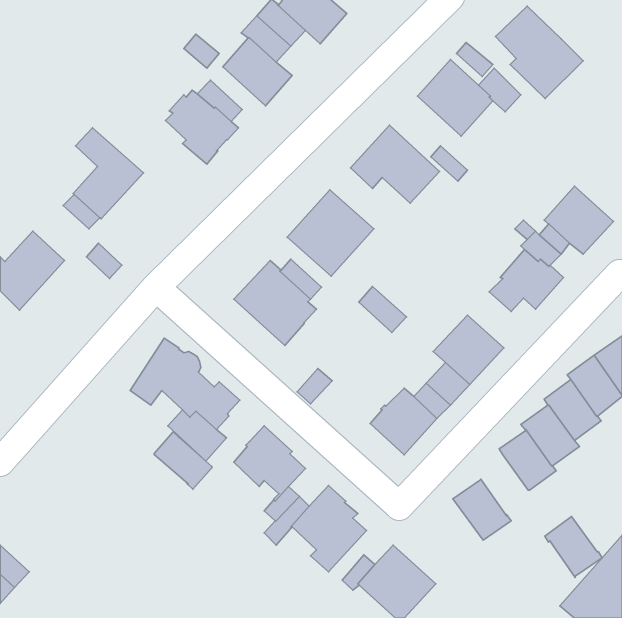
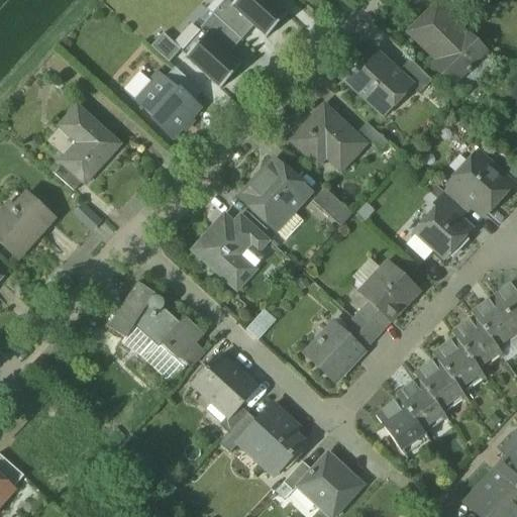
building: [359,286,406,333] -> [313,187,352,225]
building: [154,432,212,489] -> none
building: [545,517,602,577] -> [395,378,442,428]

